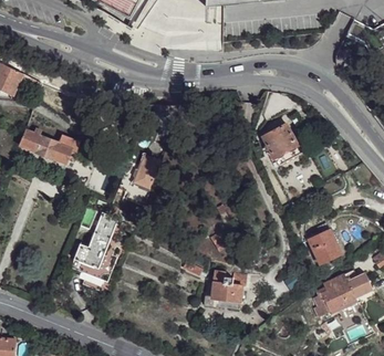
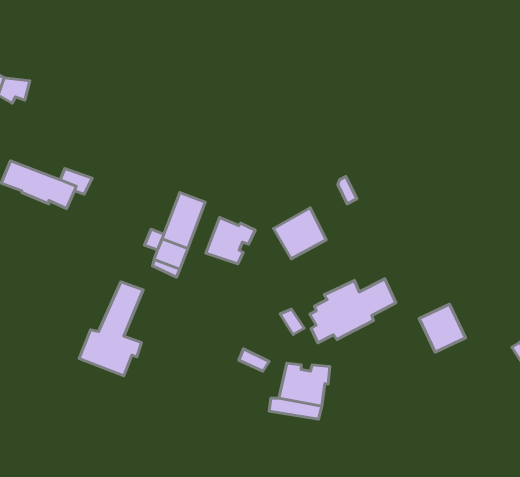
building: [260,124,297,159] -> [274,208,326,259]
building: none -> [206,217,255,264]
building: [312,273,372,317] -> [310,279,396,343]

